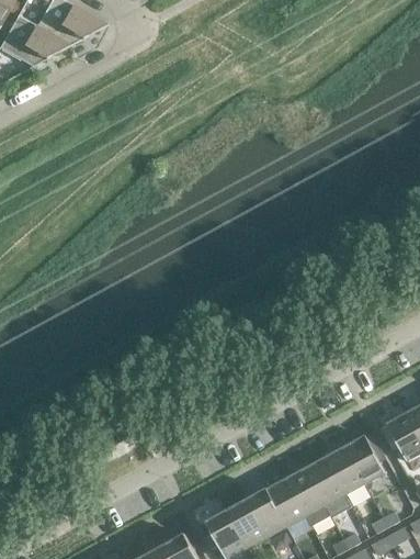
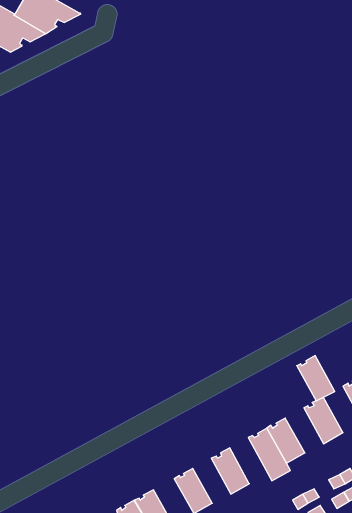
building: [325,446,365,494] -> [297,356,335,401]
building: [265,478,306,527] -> none
building: [226,500,266,548] -> none

